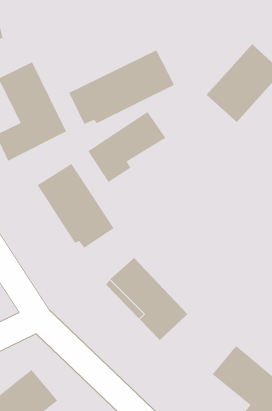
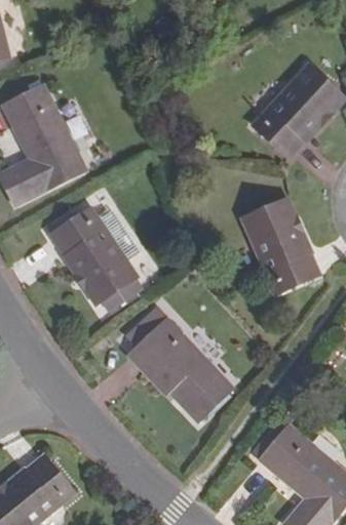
building: [69,50,175,125] -> none
building: [87,111,166,183] -> none
building: none -> [241,199,320,294]

